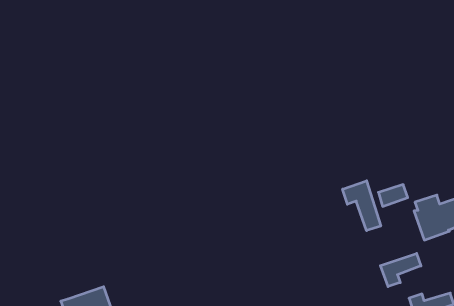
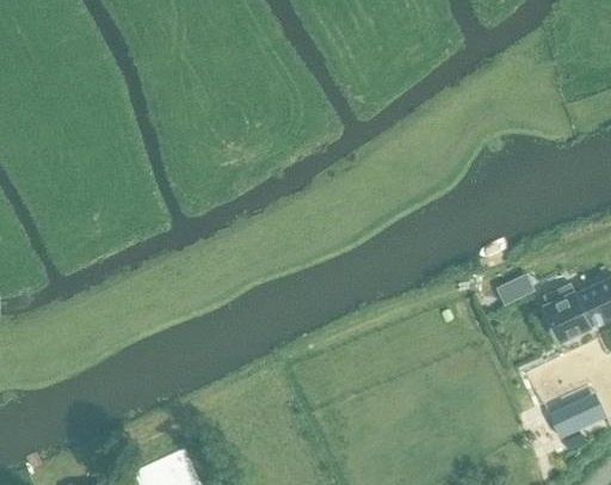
building: [343,181,381,231] -> none
building: [380,253,421,287] -> none

